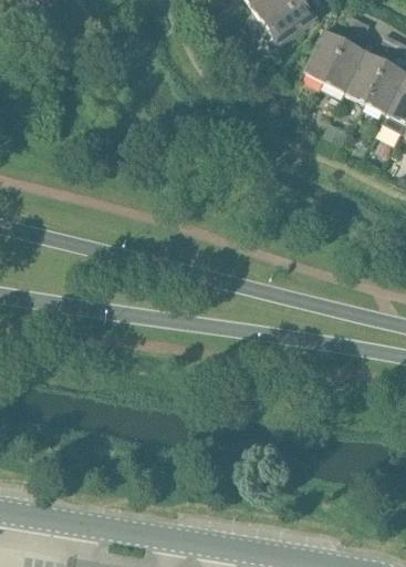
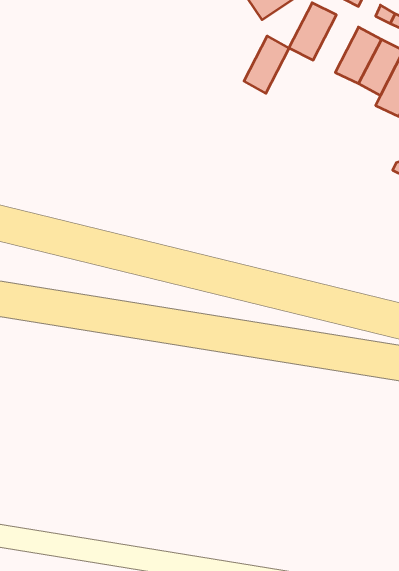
building: [326,40,367,92] -> [244,36,289,93]

